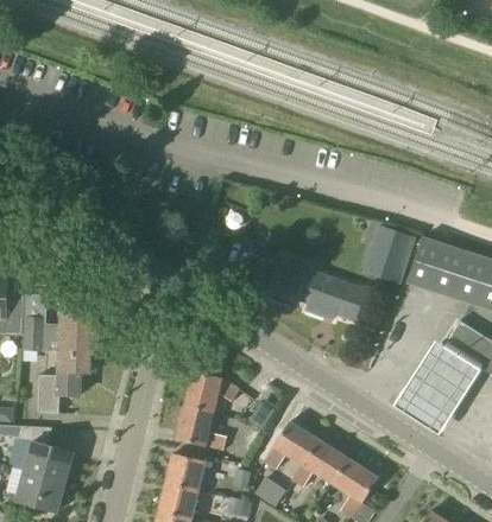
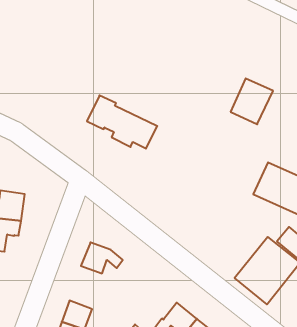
building: [362,224,417,285] -> [231,78,273,124]
building: [271,256,367,322] -> [87,95,157,149]
building: [176,405,228,452] -> none
building: [264,421,320,470] -> none

